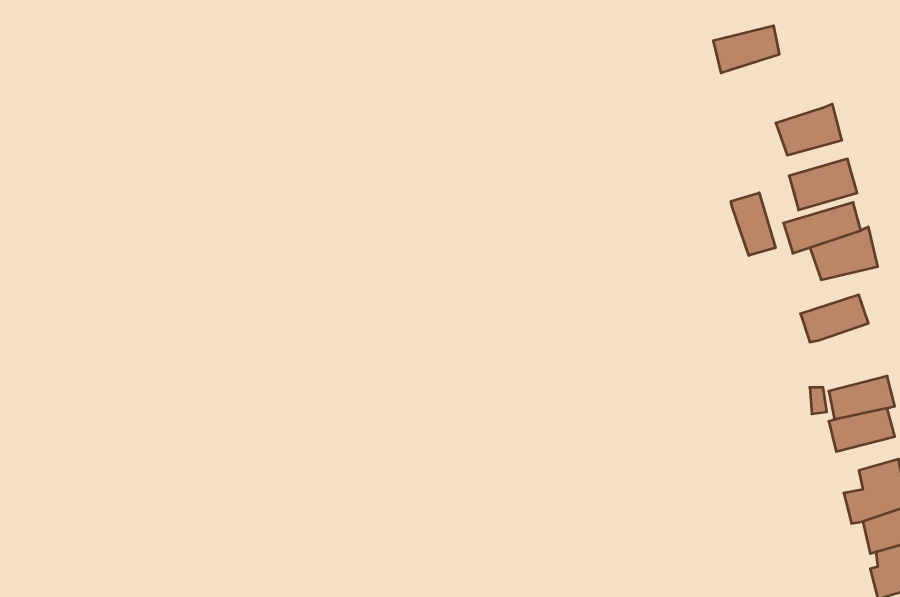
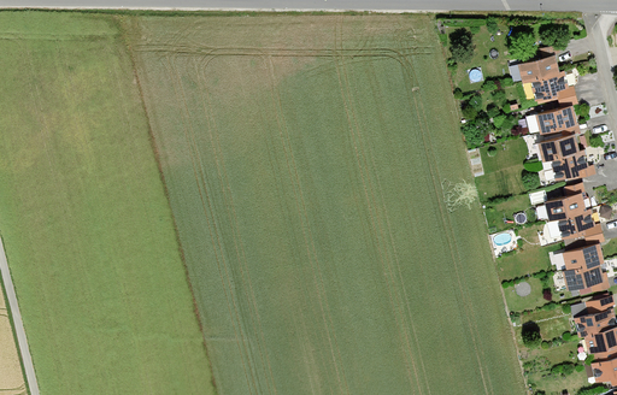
building: [713,26,779,73] -> [517,54,559,84]
building: [731,193,775,256] -> none
building: none -> [557,208,599,241]

